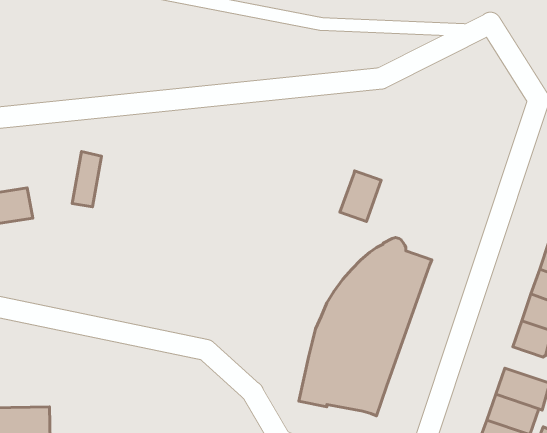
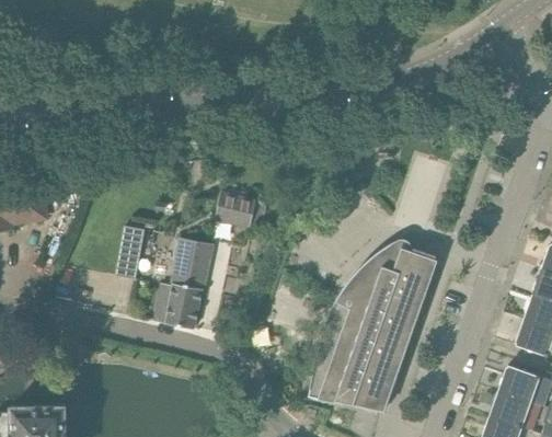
building: [72,152,102,207] -> [115,227,143,280]
building: [340,171,381,222] -> none
building: none -> [215,192,255,230]
building: none -> [156,238,214,330]

